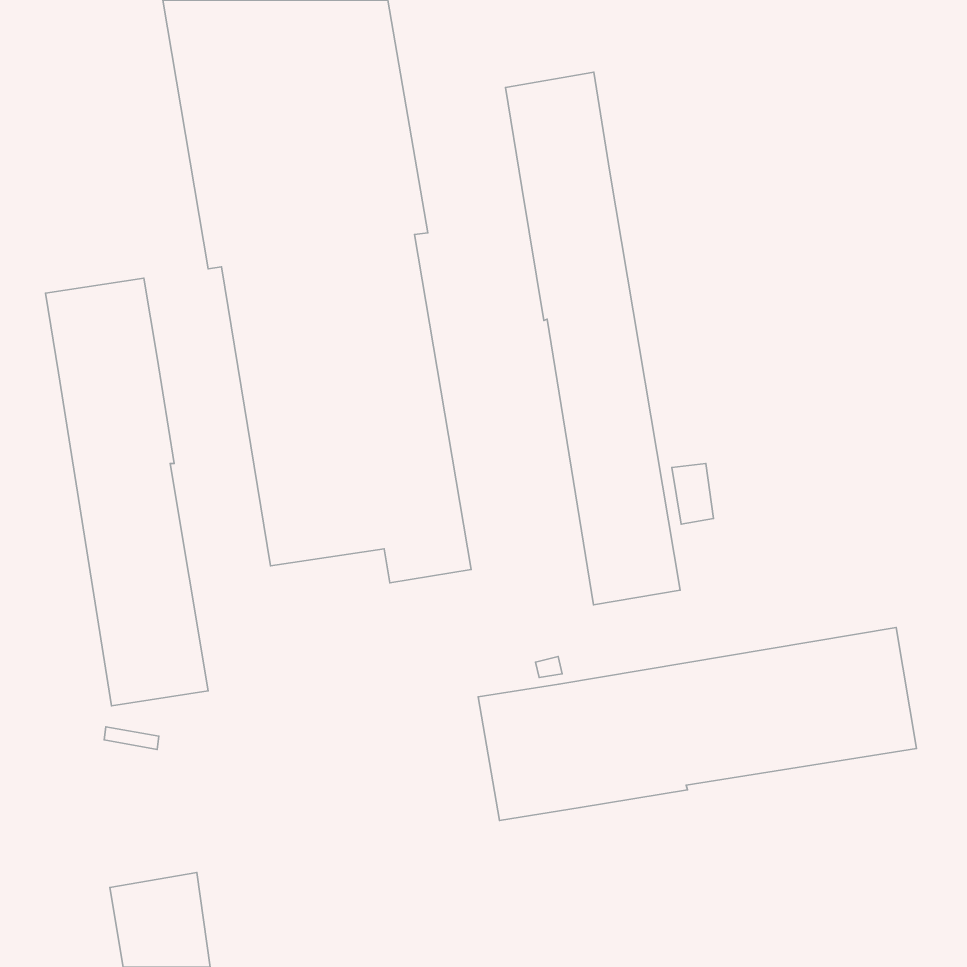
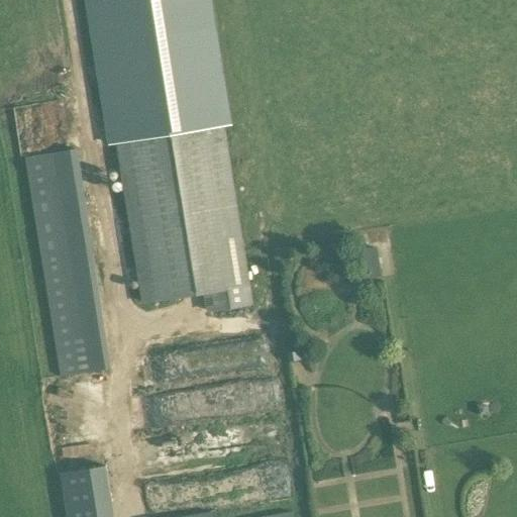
building: [506,72,680,605] -> none
building: [478,627,917,820] -> none

